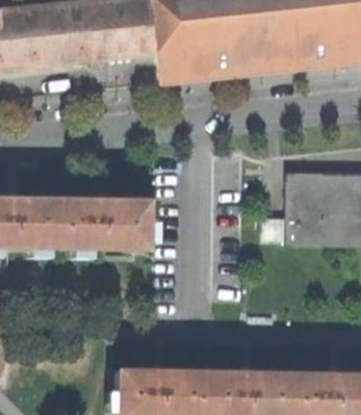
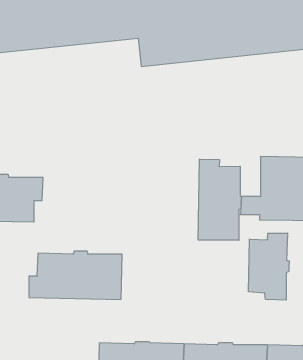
building: none -> [198,159,241,240]
building: [53,198,150,248] -> [29,251,122,299]
building: none -> [249,233,289,300]

